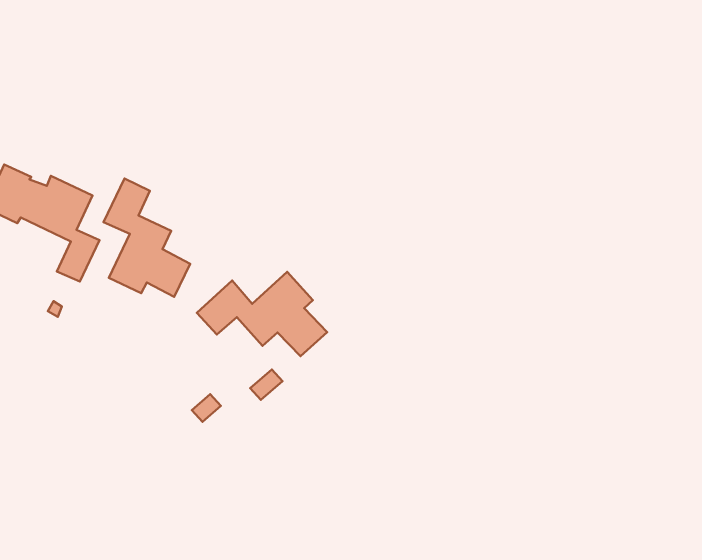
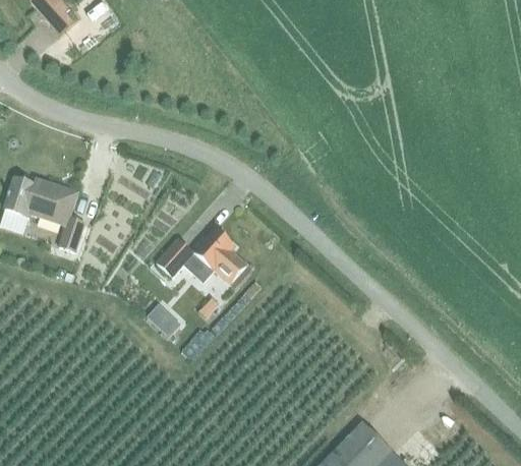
building: [103,179,190,297] -> none

